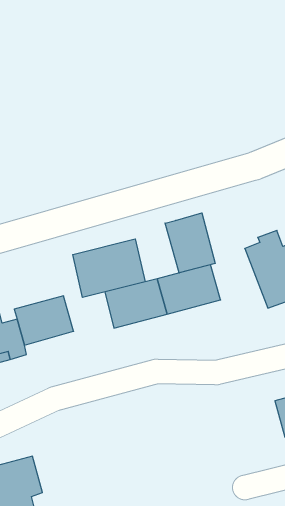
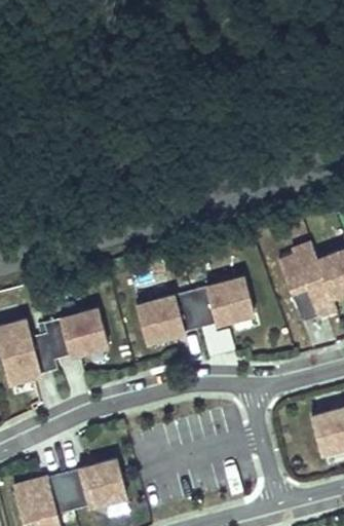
building: [165,213,215,273] -> none
building: [73,239,145,297] -> none
building: none -> [63,457,130,510]

